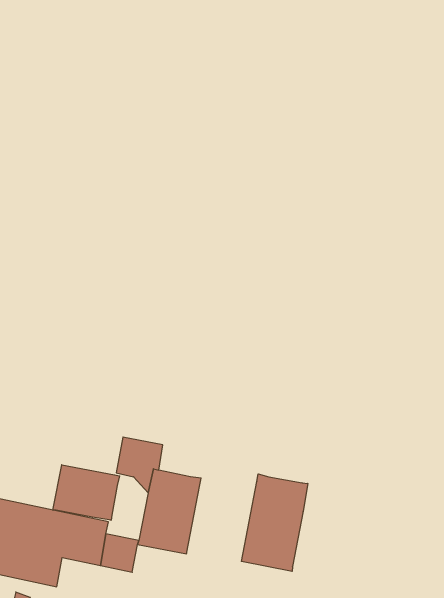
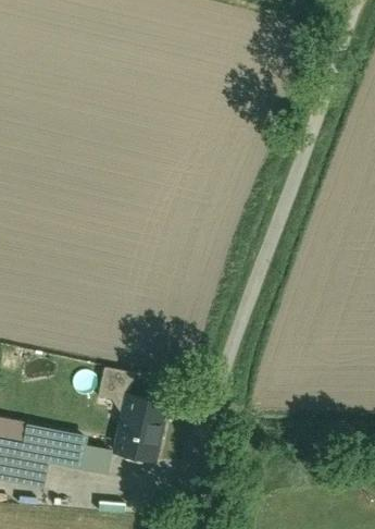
building: [53,465,120,520] -> none
building: [241,474,308,571] -> none

